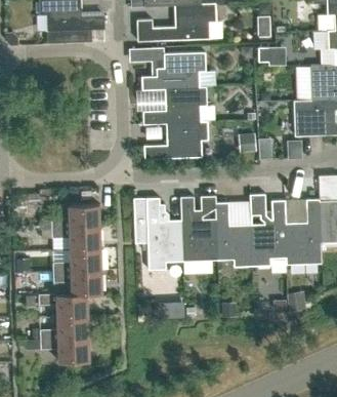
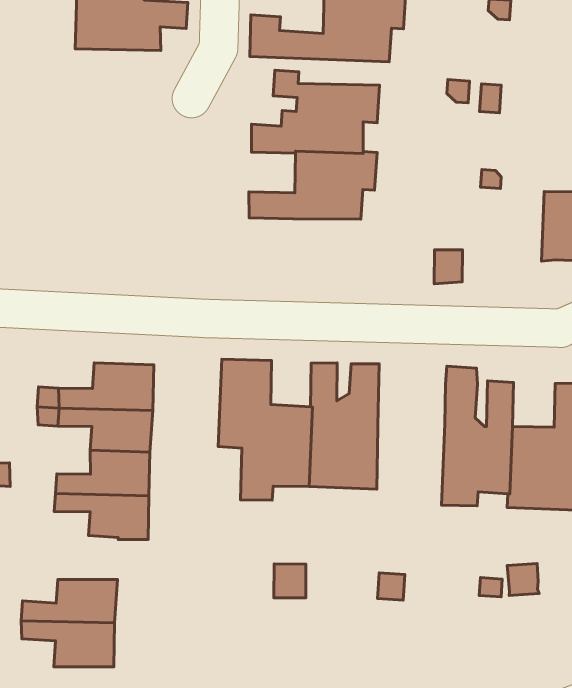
building: [143,121,208,159] -> none
building: [214,195,251,267] -> none
building: [38,293,87,317] -> none

